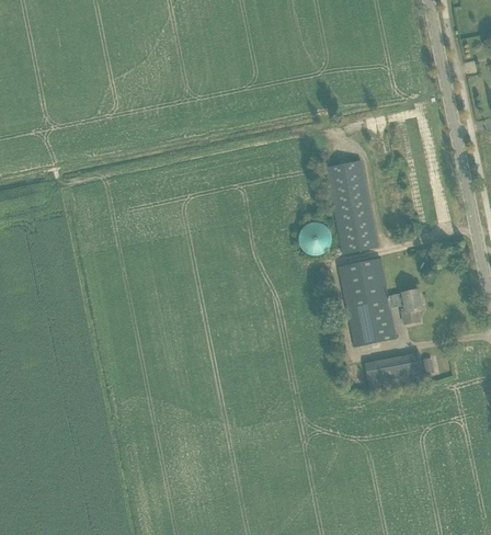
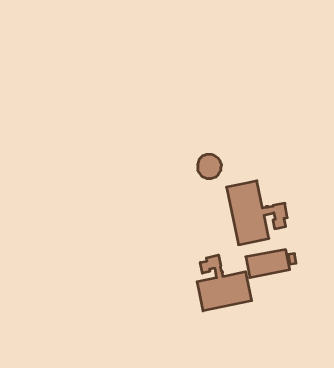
building: [326,159,378,253] -> none
building: none -> [197,255,252,311]

